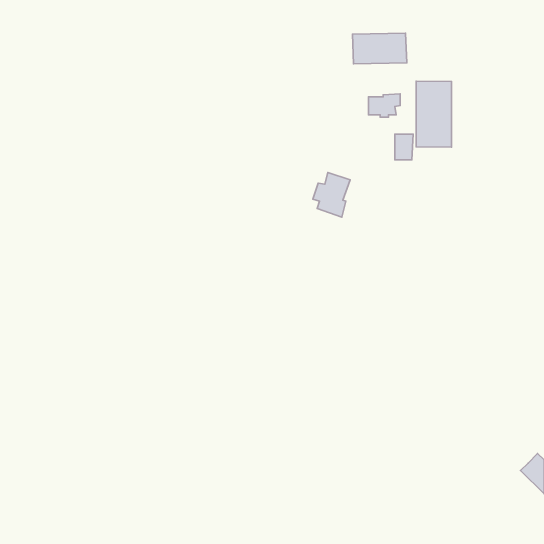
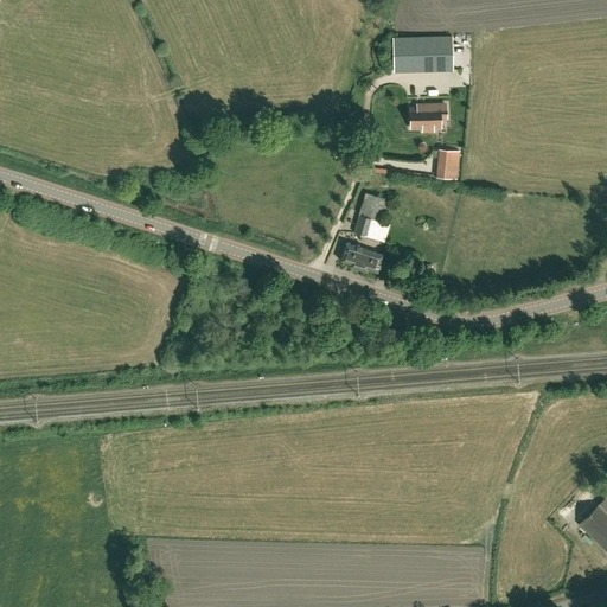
building: [416,81,451,147] -> none
building: none -> [340,243,383,273]

